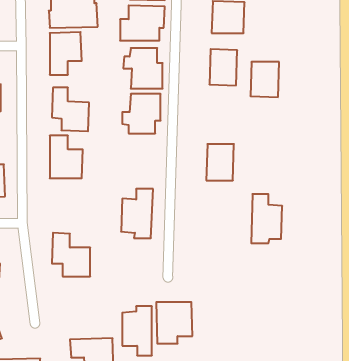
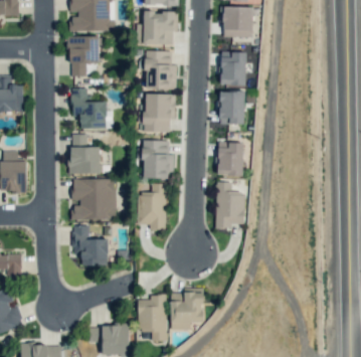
building: [250,62,279,97] -> [218,92,245,125]
building: none -> [140,140,174,180]
building: none -> [70,179,116,220]
building: [251,194,282,243] -> [215,182,244,228]

